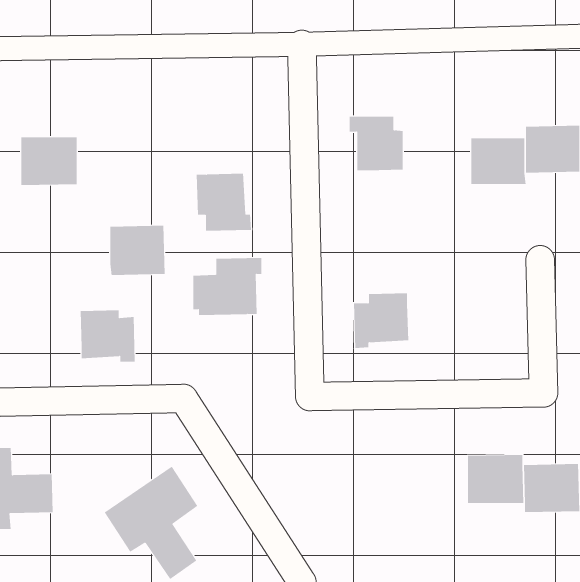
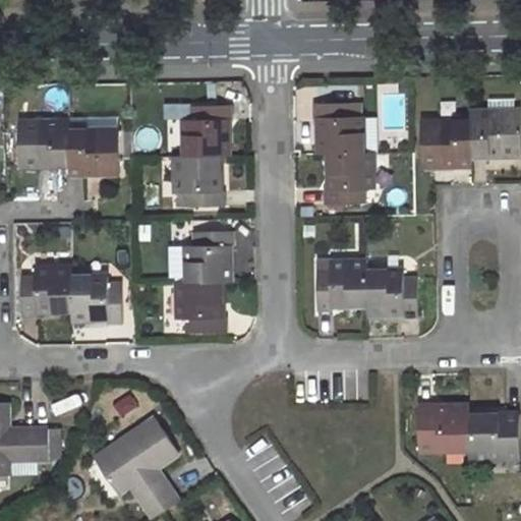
building: none -> [184,106,231,156]
building: none -> [324,152,369,205]
building: [110,225,165,275] -> [69,130,119,175]
building: none -> [20,269,72,317]
building: none -> [364,271,416,319]
building: none -> [177,281,227,333]

